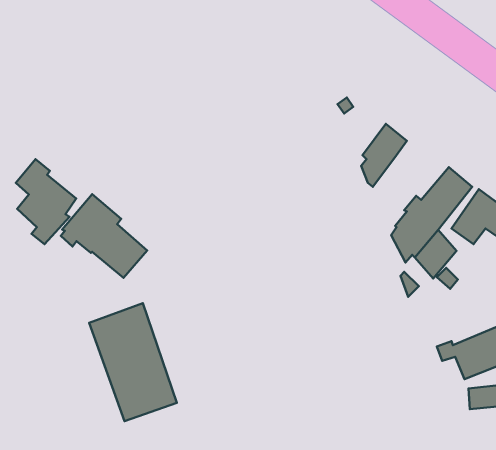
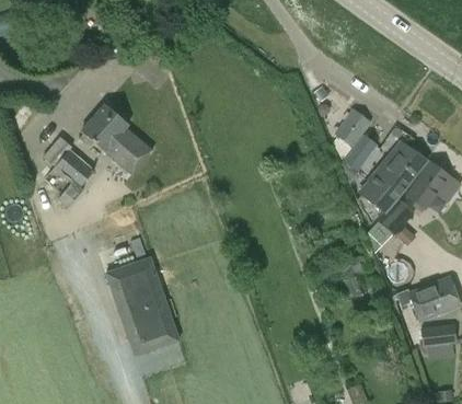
building: none -> [343,134,377,170]
building: [61,194,147,278] -> [79,103,151,173]

